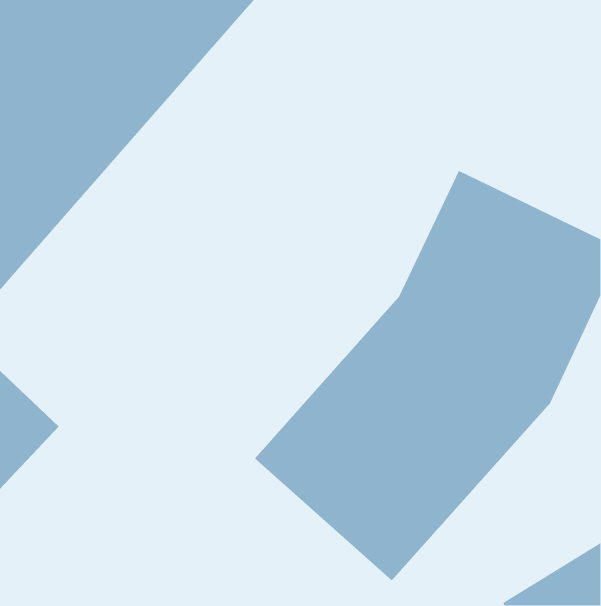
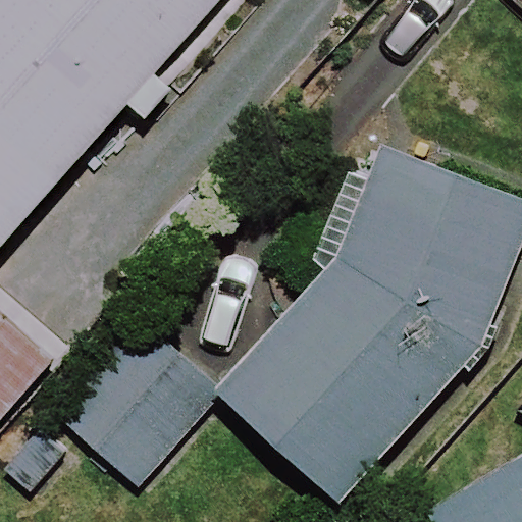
building: none -> [52,318,215,483]

